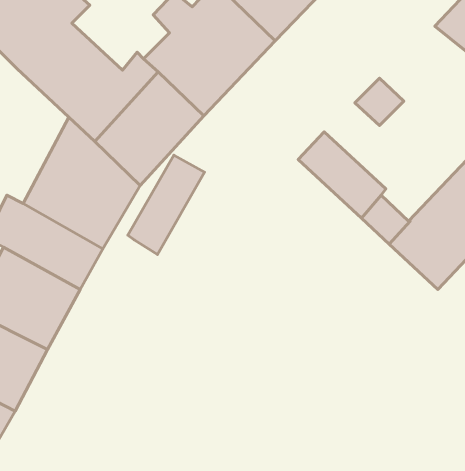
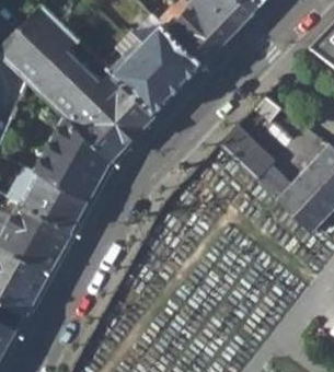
building: [128,155,205,254] -> none

